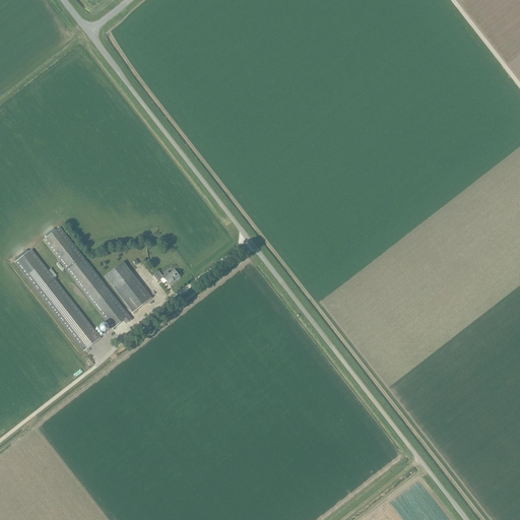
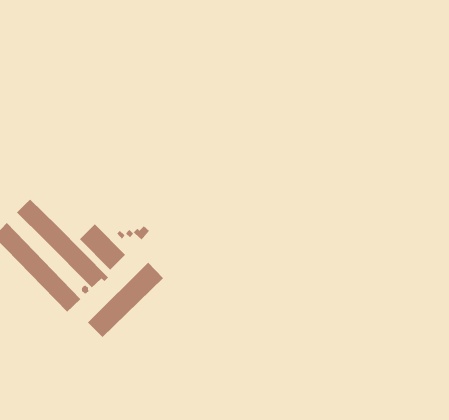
building: none -> [87,262,164,338]

